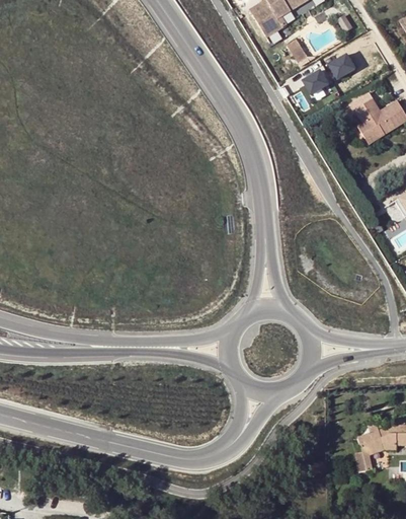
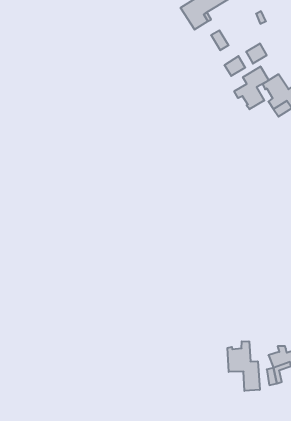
building: none -> [234,66,269,109]
building: none -> [227,341,260,391]

